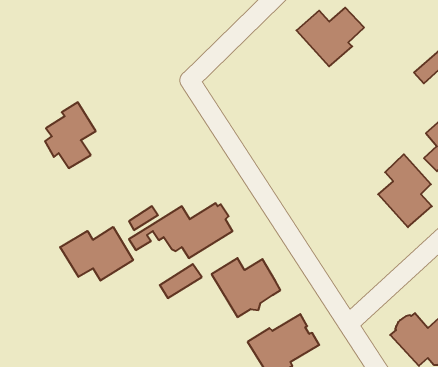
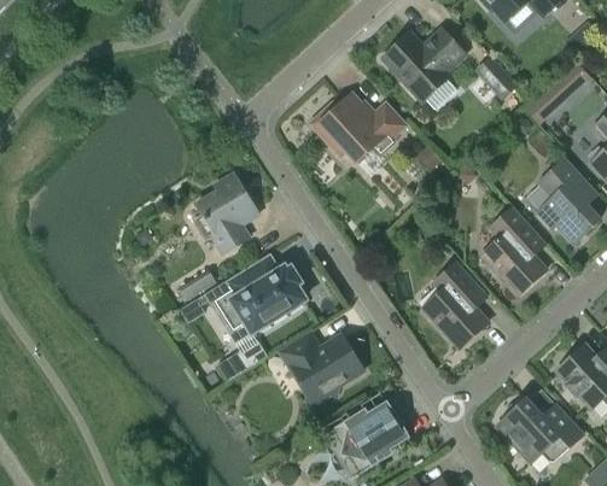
building: none -> [477,57,516,98]
building: none -> [311,94,405,160]
building: [45,102,96,168] -> [194,172,256,252]
building: none -> [424,260,489,347]
building: [60,227,133,281] -> none

